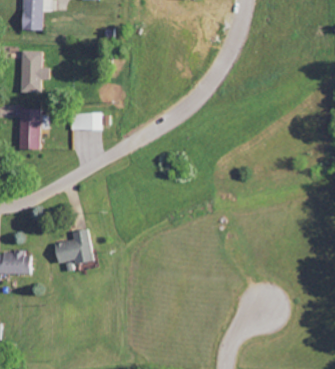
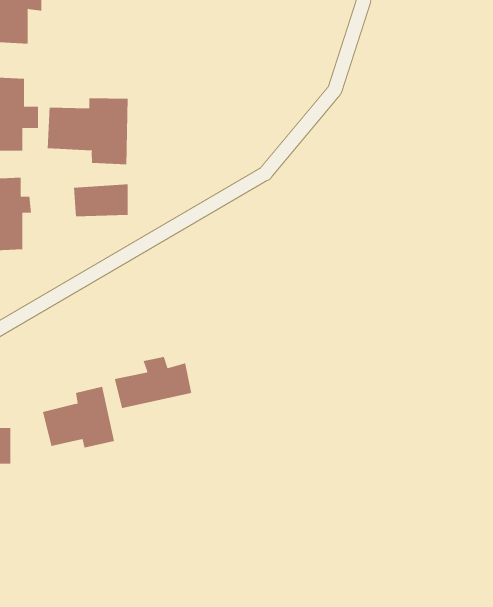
building: none -> [47,97,128,165]
building: none -> [114,356,192,409]

